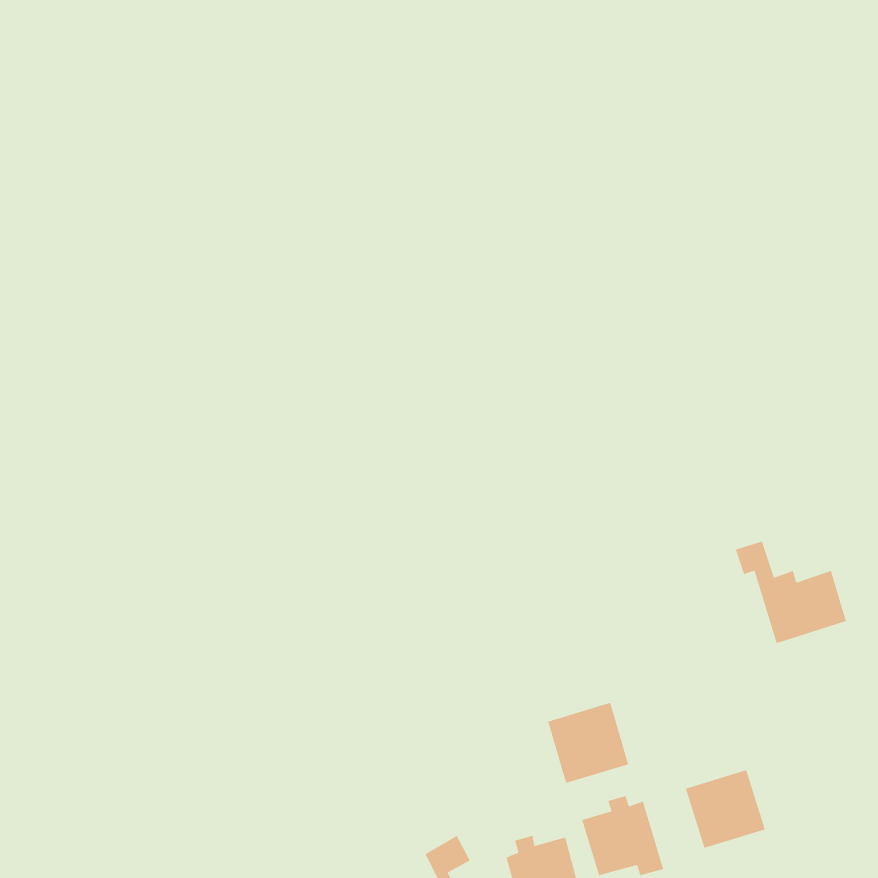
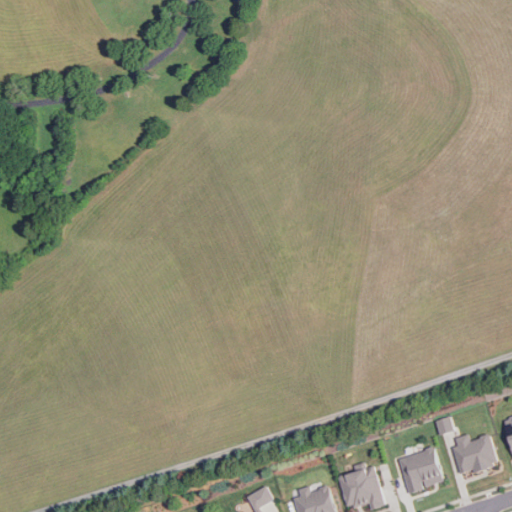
building: [735,541,847,644] -> [433,417,498,477]
building: [547,702,629,784] -> none

